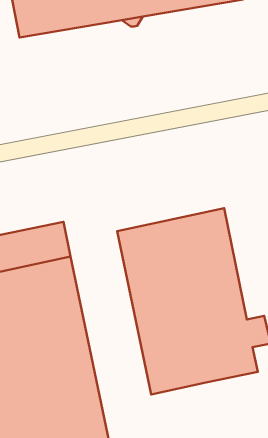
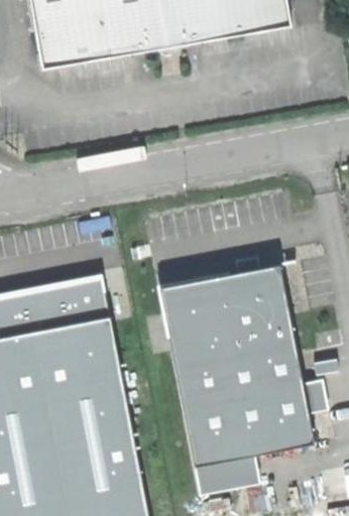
building: none -> [195,449,261,492]

